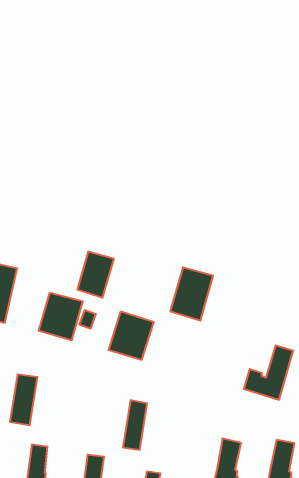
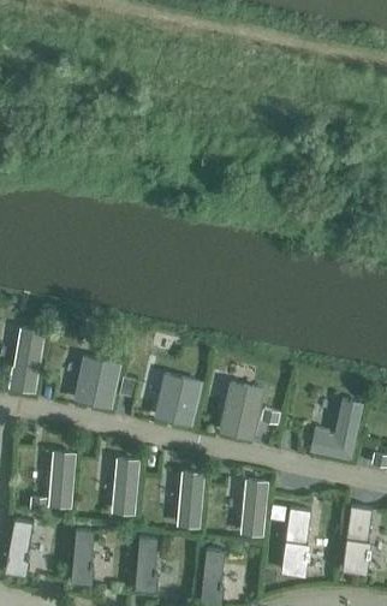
building: [77,251,114,298] -> none
building: [170,267,213,321] -> [218,382,263,441]
building: none -> [111,458,138,515]
building: none -> [242,481,266,534]

